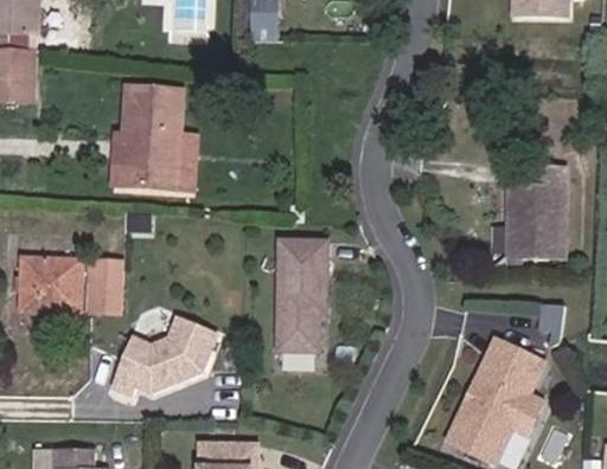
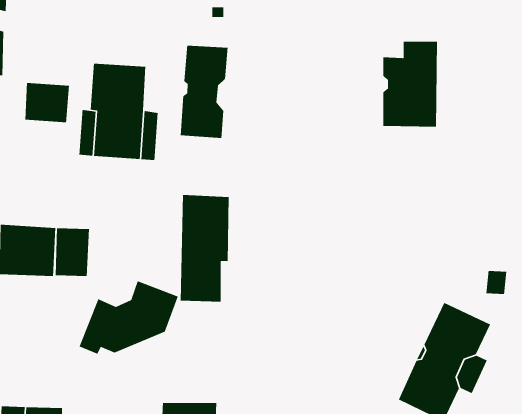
building: none -> [180,45,228,139]
building: none -> [24,82,70,123]
building: [507,168,566,259] -> [383,41,438,128]
building: [276,239,328,353] -> [180,194,230,302]

